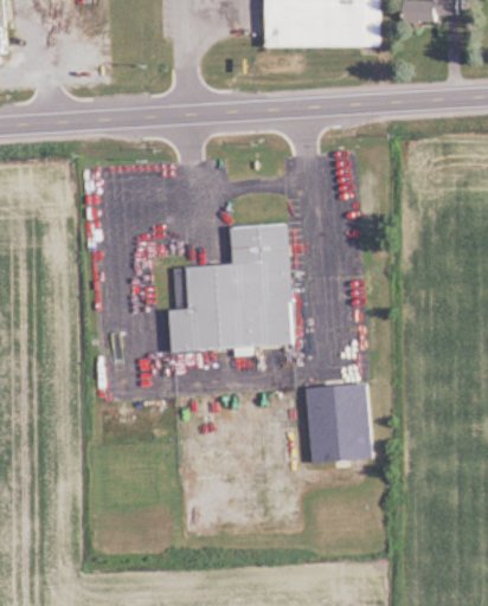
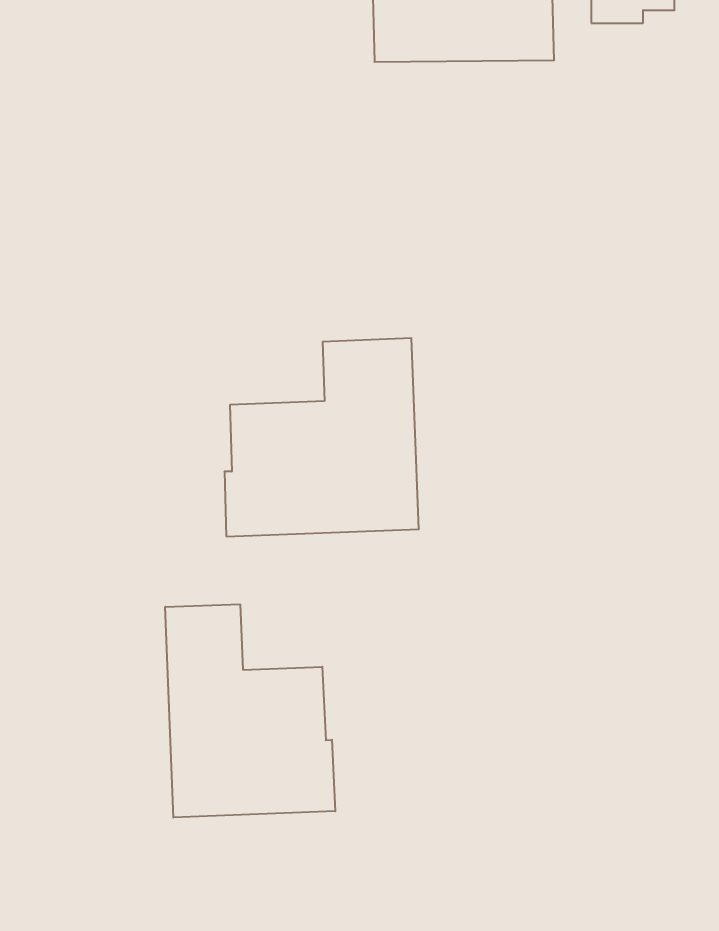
building: [306,385,372,464] -> none
building: none -> [165,604,335,818]

